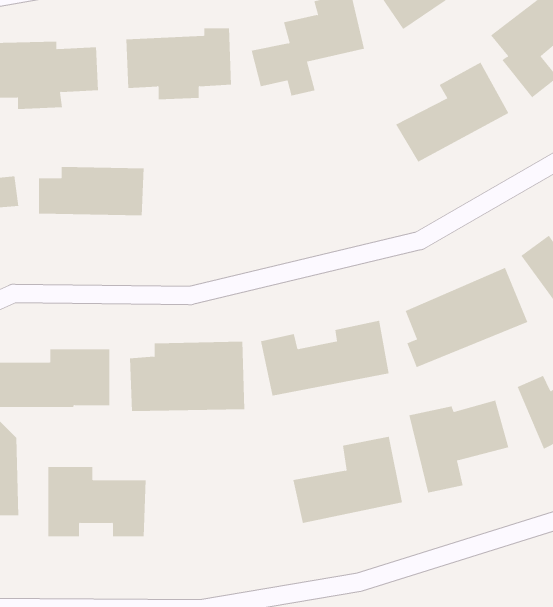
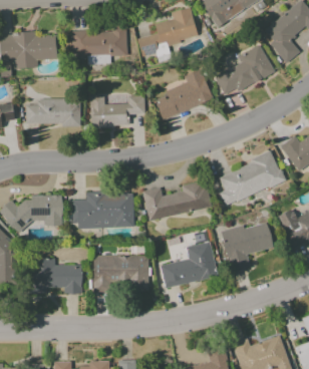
building: none -> [156,69,213,119]
building: none -> [90,93,145,127]
building: none -> [93,254,148,291]

